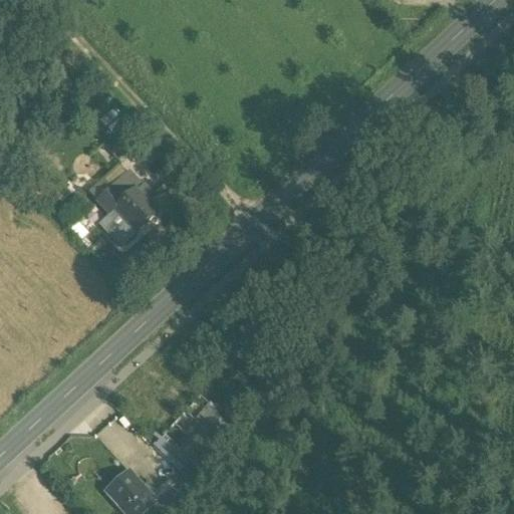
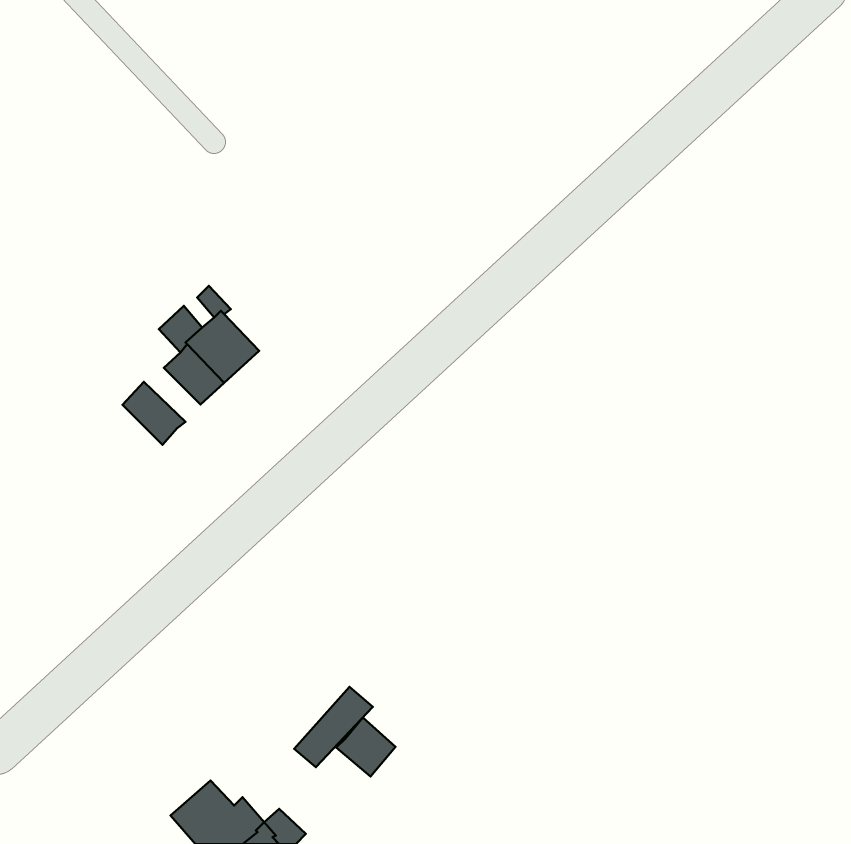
building: none -> [123,382,185,445]
building: none -> [336,718,396,776]

